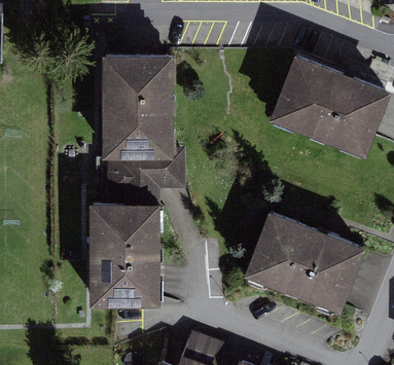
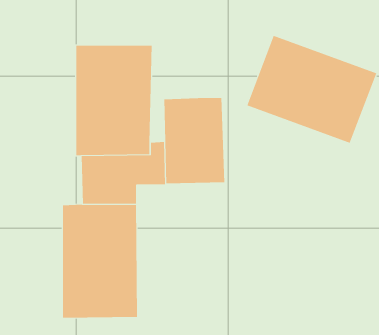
building: none -> [164,97,225,184]
building: [238,209,359,308] -> none

